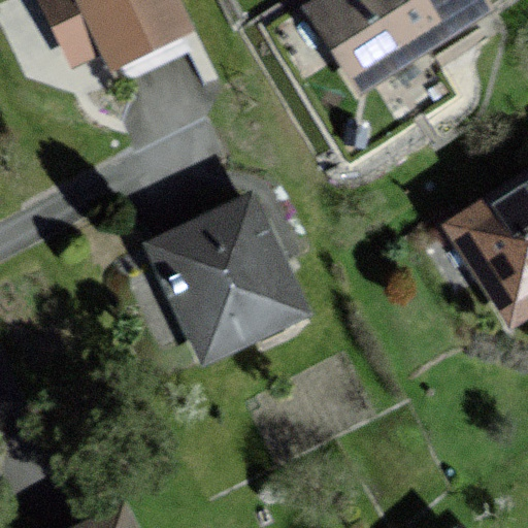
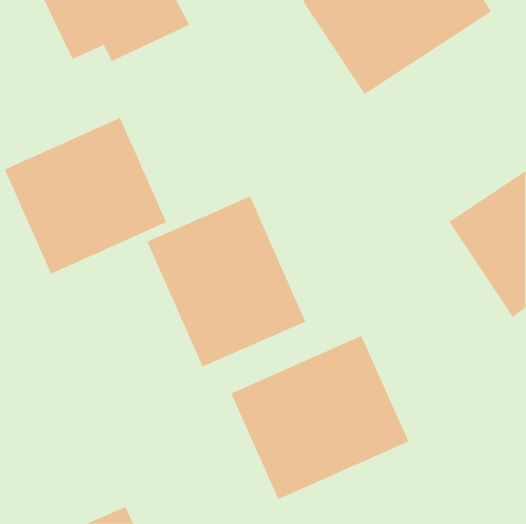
building: none -> [4,117,167,274]
building: none -> [230,335,409,500]

